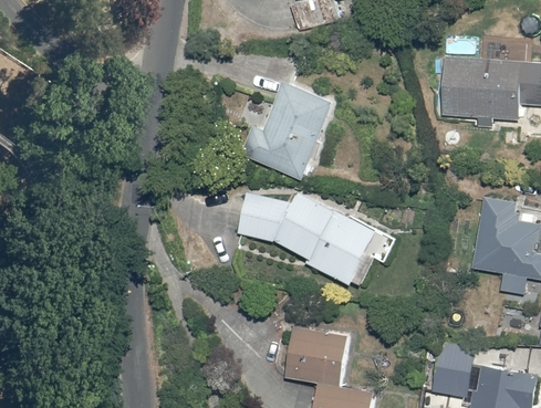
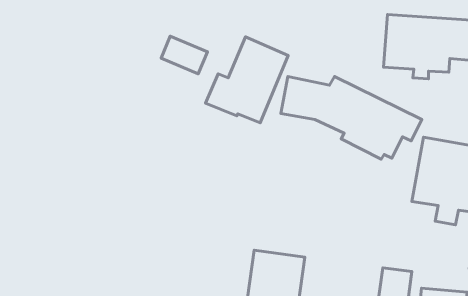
building: none -> [161,36,207,74]
building: [237,192,397,286] -> [281,77,422,159]

